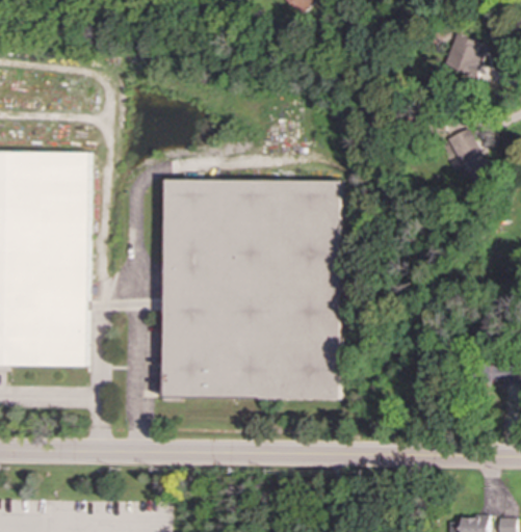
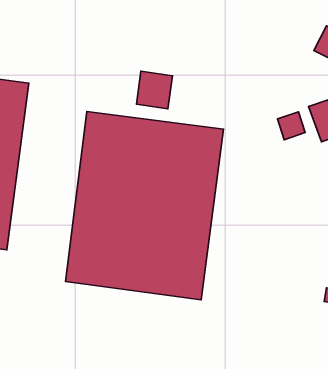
building: none -> [137,71,172,109]
building: none -> [278,112,305,140]

